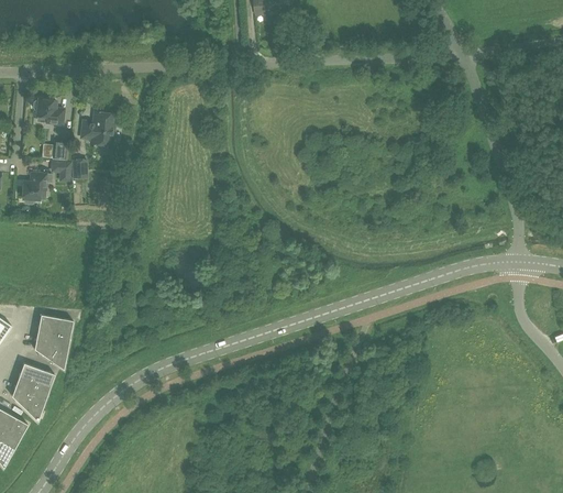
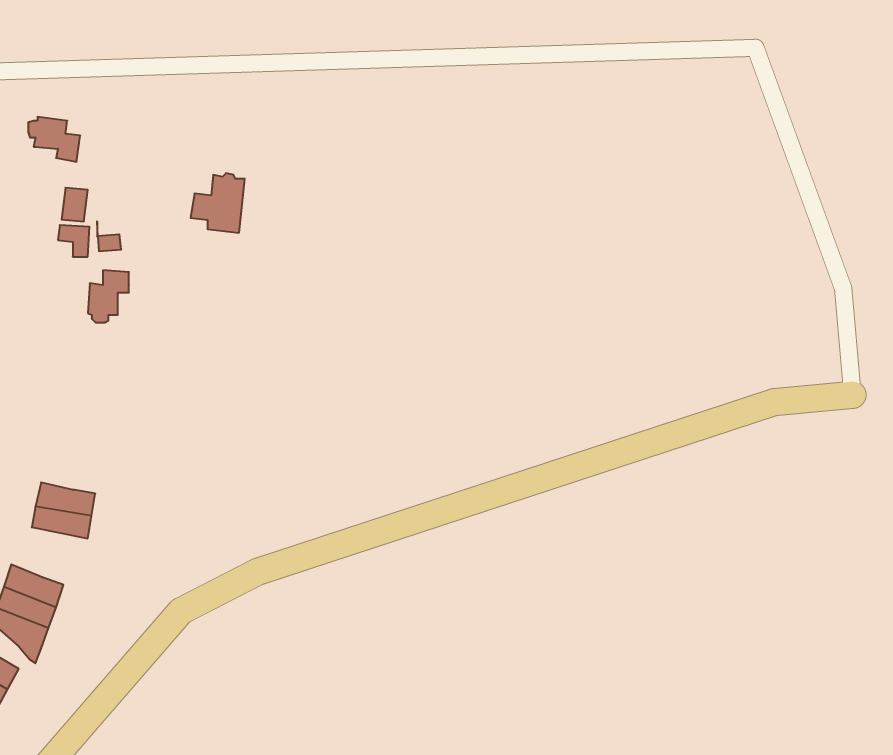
building: [82,110,114,145] -> [191,173,245,233]
building: [22,173,46,204] -> [88,270,129,322]
building: [34,340,68,369] -> none

